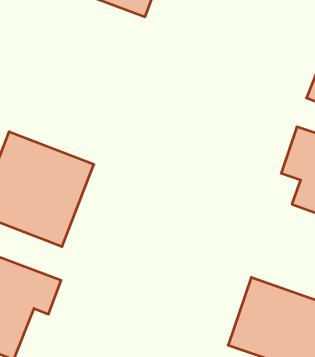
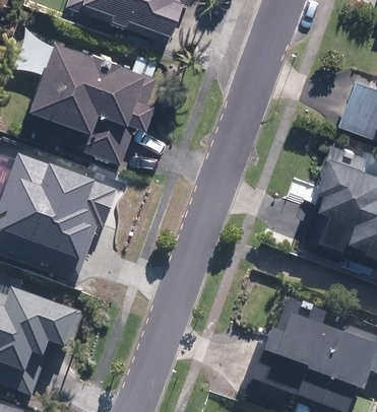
building: none -> [29,37,156,162]

